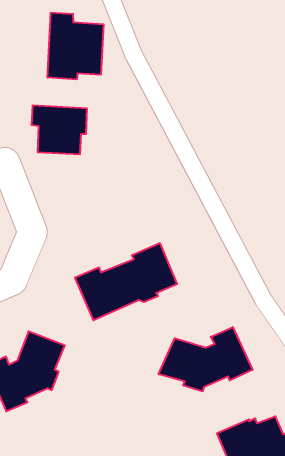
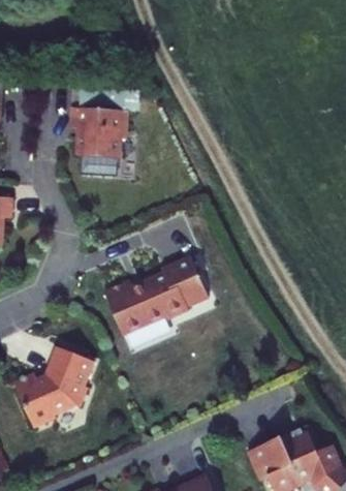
building: [48,13,104,79] -> none
building: [159,327,253,391] -> none

